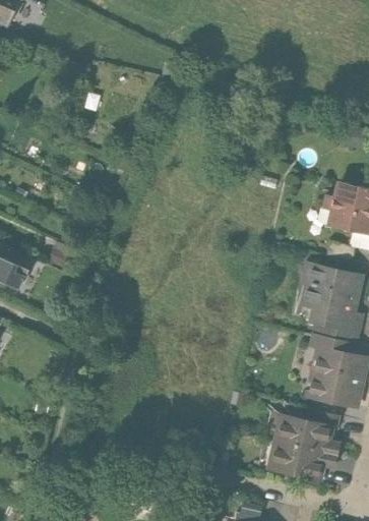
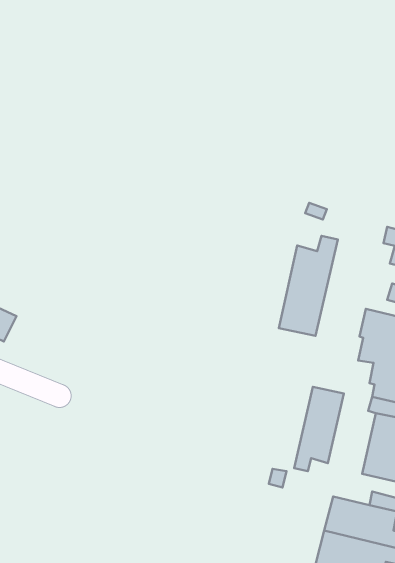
building: none -> [279,236,338,336]
building: none -> [294,387,344,471]

